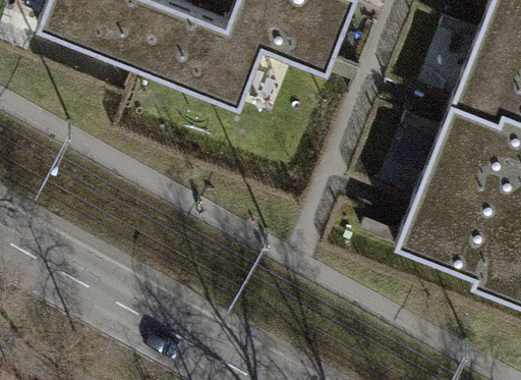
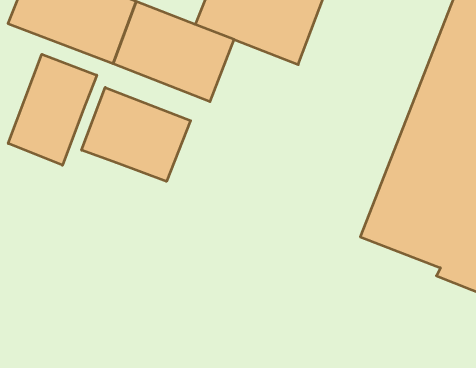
building: none -> [8,54,97,165]
building: none -> [82,87,191,181]

